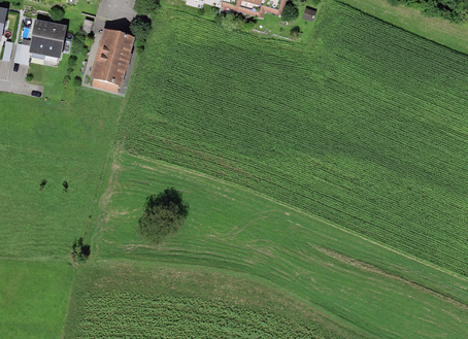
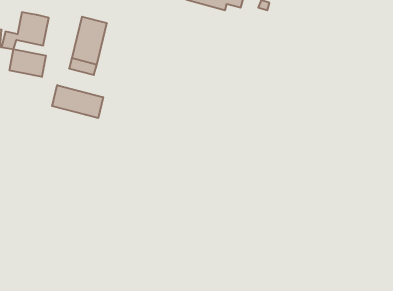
building: none -> [10,49,46,77]
building: none -> [52,85,103,118]

